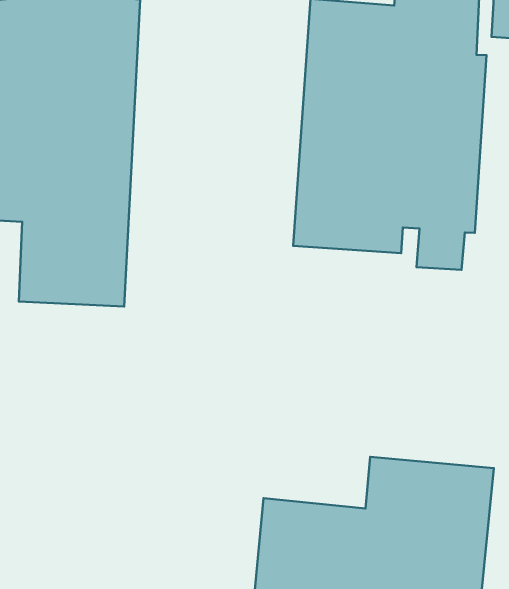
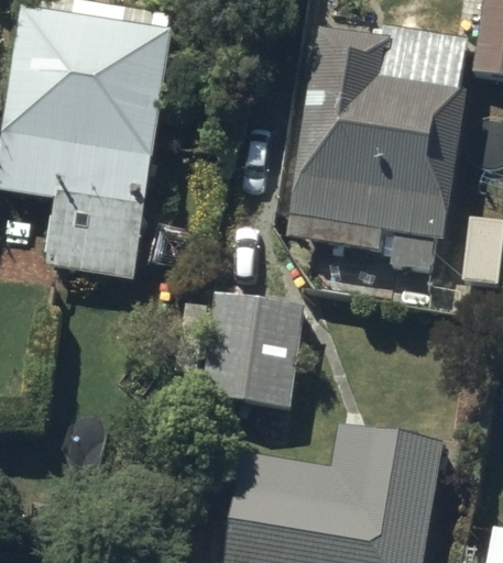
building: none -> [176,292,305,405]

